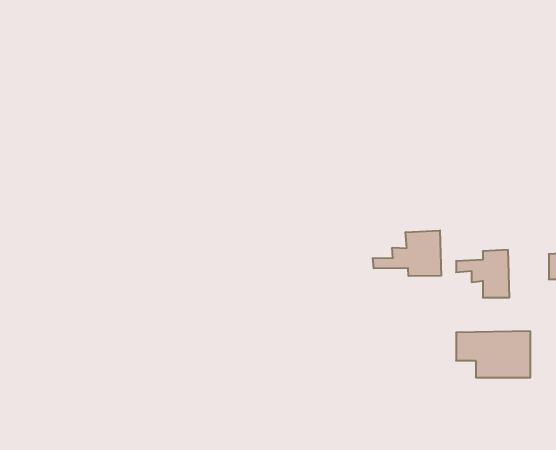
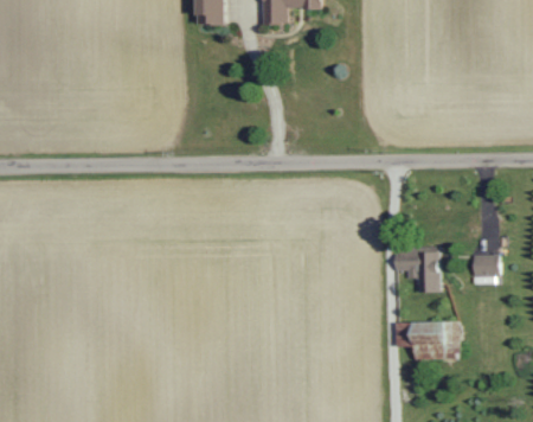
building: [373,230,441,276] -> none

